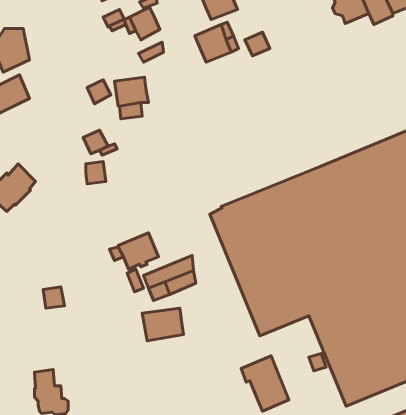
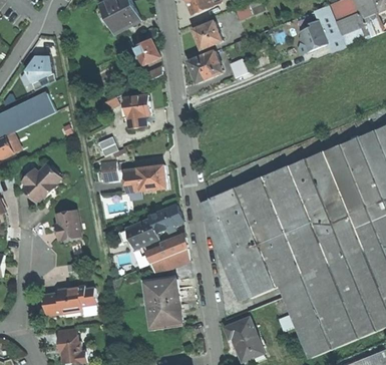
building: none -> [124,164,166,192]
building: none -> [149,205,182,233]
building: none -> [56,210,81,240]
building: none -> [43,286,96,315]
building: none -> [149,300,181,326]

